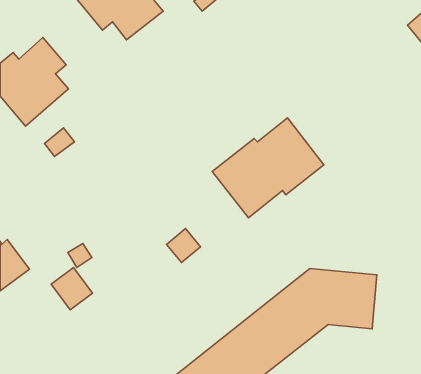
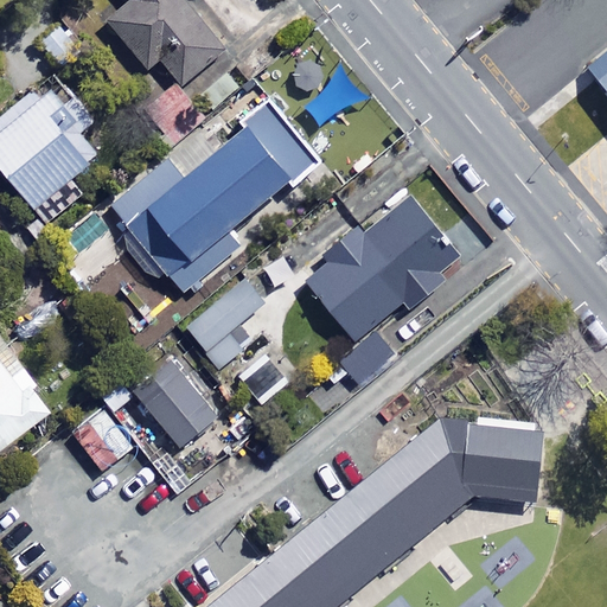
building: none -> [111,110,320,295]
building: none -> [185,276,266,369]
building: none -> [138,365,222,449]

